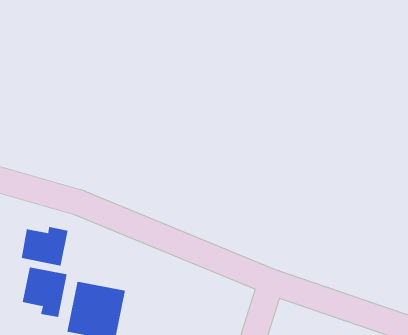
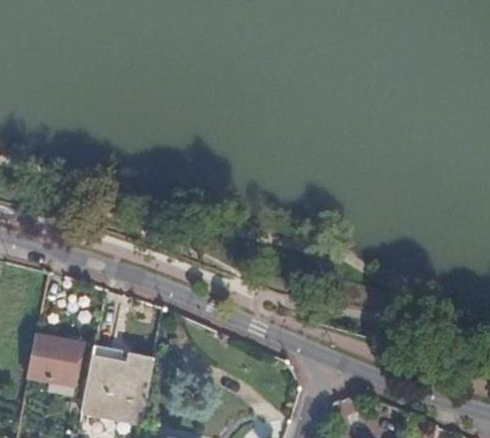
building: [21,226,68,266] -> none

